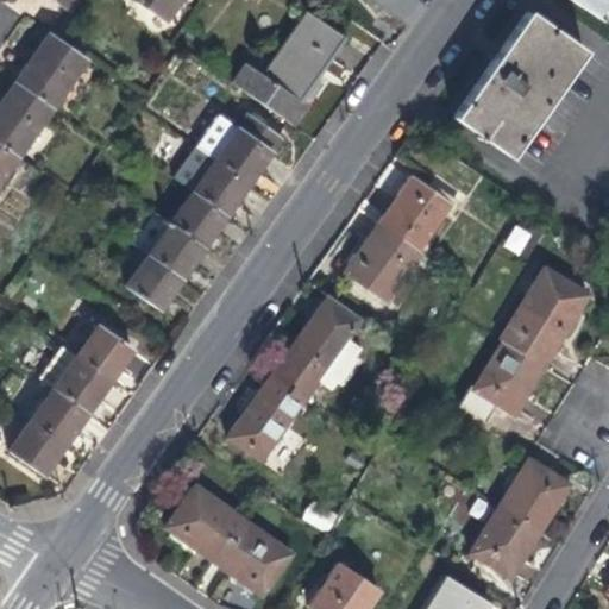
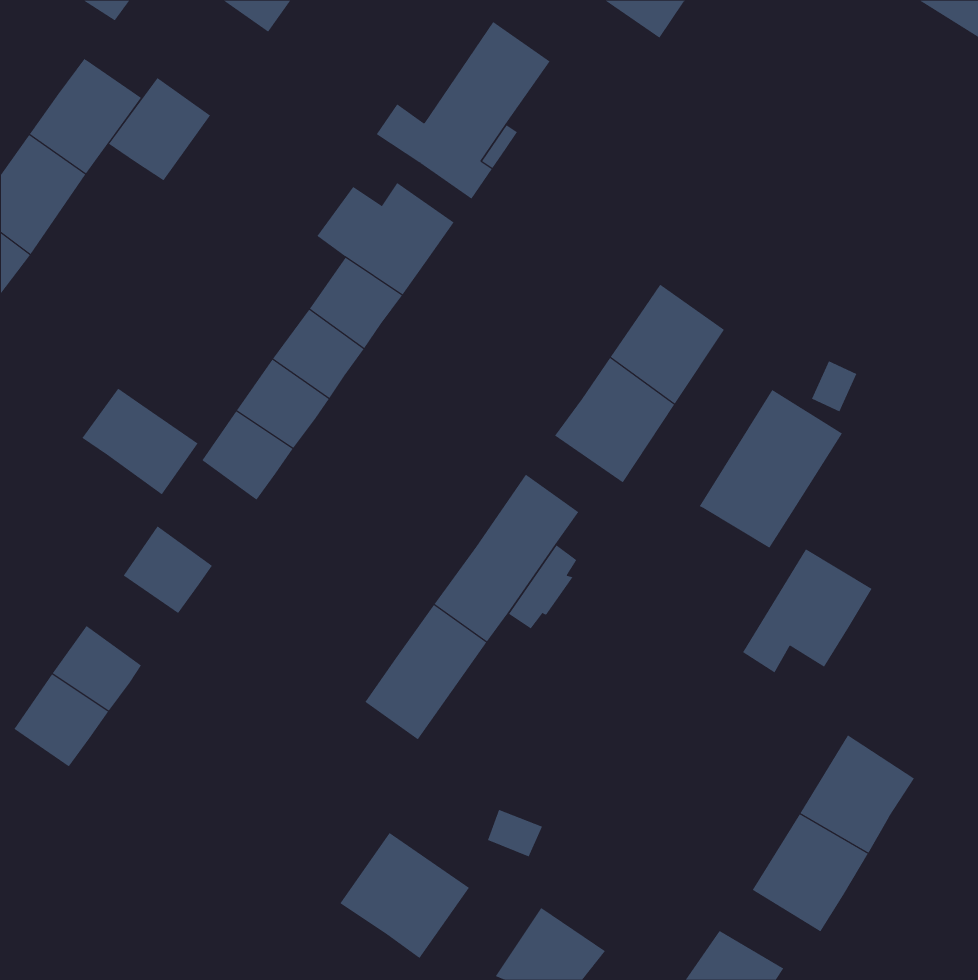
building: [454,10,585,155] -> none
building: none -> [108,77,211,181]
building: [498,266,588,365] -> [699,389,843,548]
building: [39,346,112,413] -> [82,388,199,495]
building: [164,483,243,560] -> none

